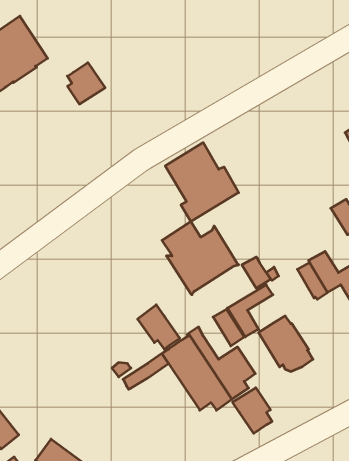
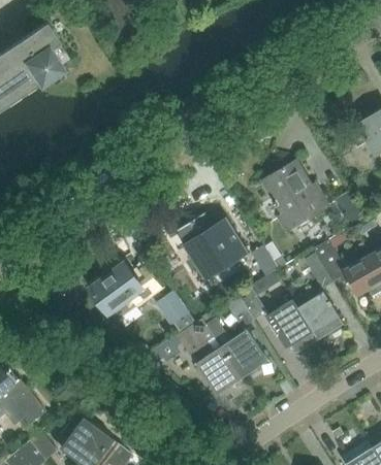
building: [67,63,105,104] -> none
building: [165,143,239,221] -> [262,160,330,233]
building: none -> [92,265,162,321]
building: none -> [298,292,344,340]
building: [233,388,272,433] -> none

